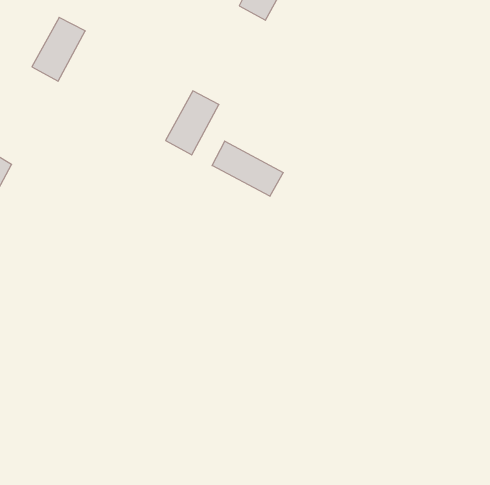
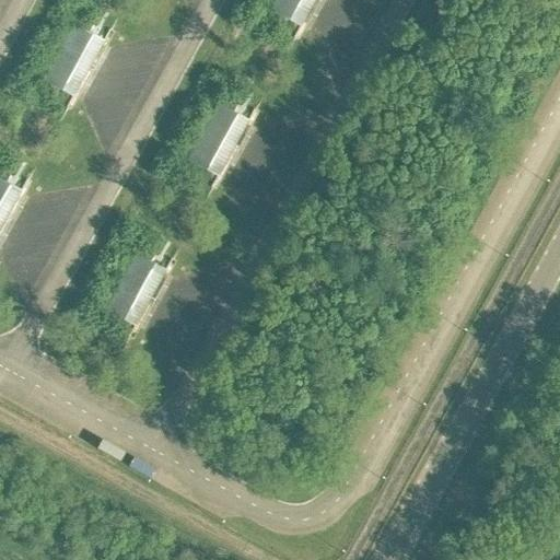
building: [212,141,283,196] -> none
building: none -> [104,253,165,325]

